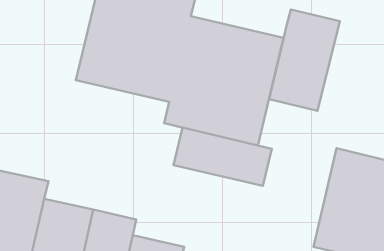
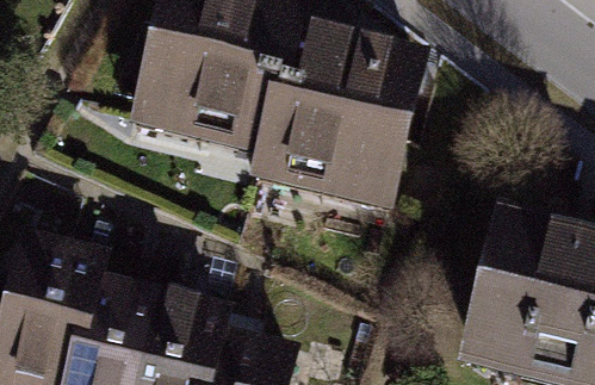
building: [269,9,340,111] -> none
building: [173,128,272,186] -> none

